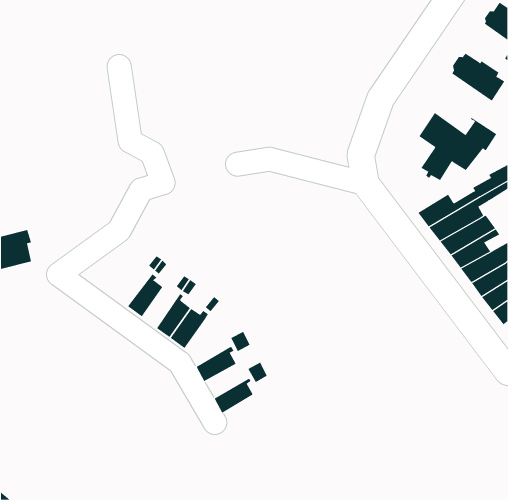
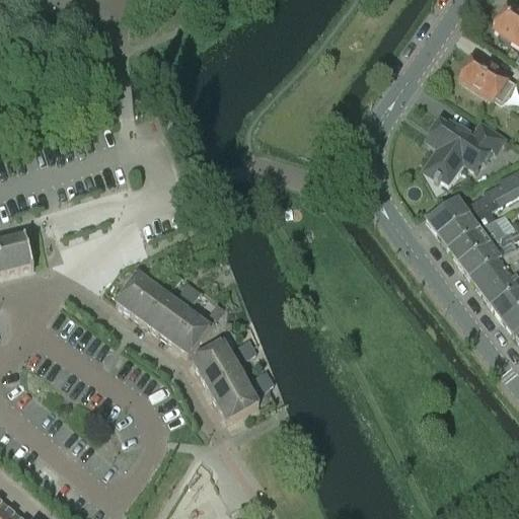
building: none -> [115,272,155,312]
building: none -> [145,293,183,335]
building: none -> [191,340,236,374]
building: none -> [208,371,254,406]

